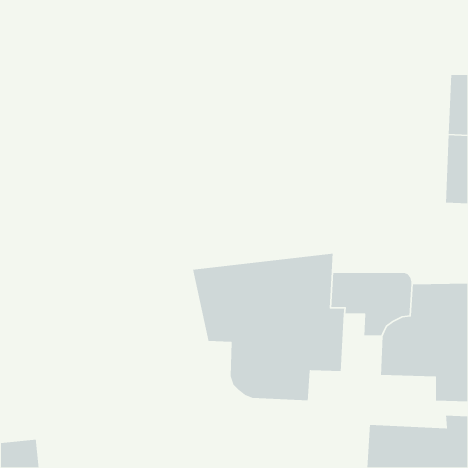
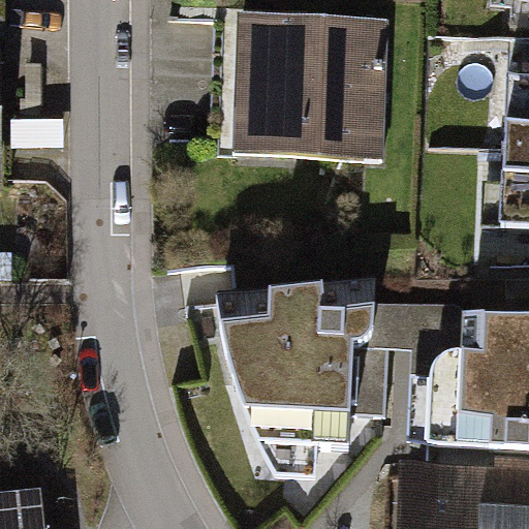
building: none -> [224,20,387,149]

